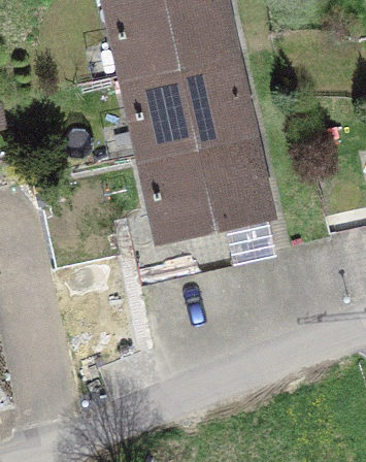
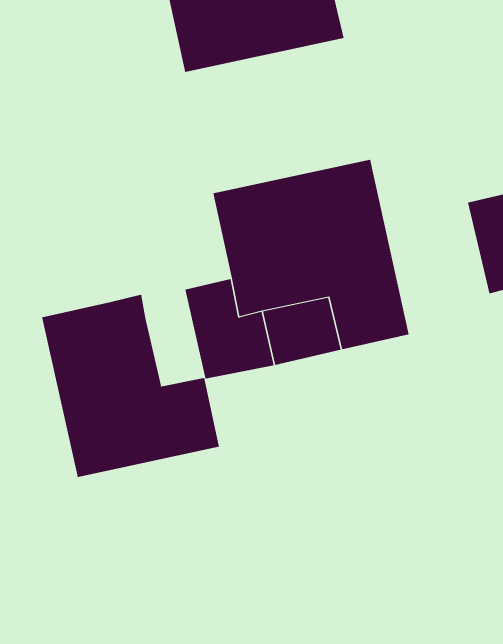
building: [126,51,249,154] -> none
building: none -> [41,294,219,478]

